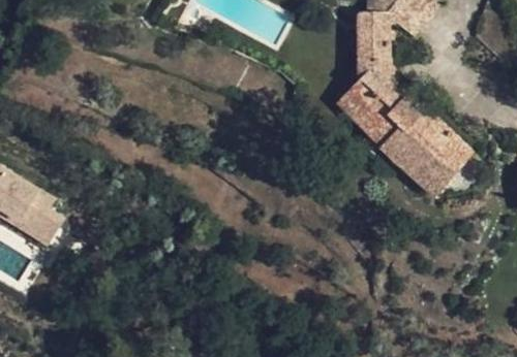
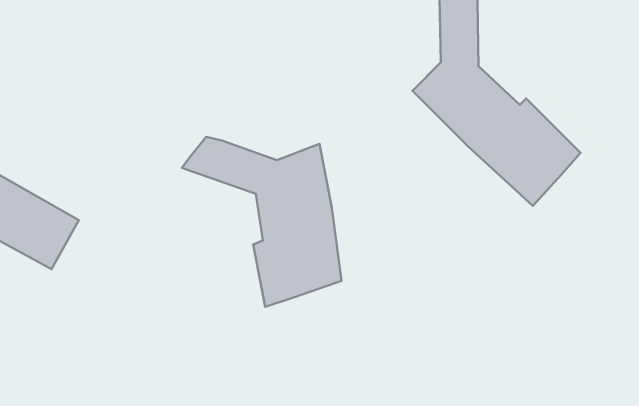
building: none -> [182,137,342,307]

